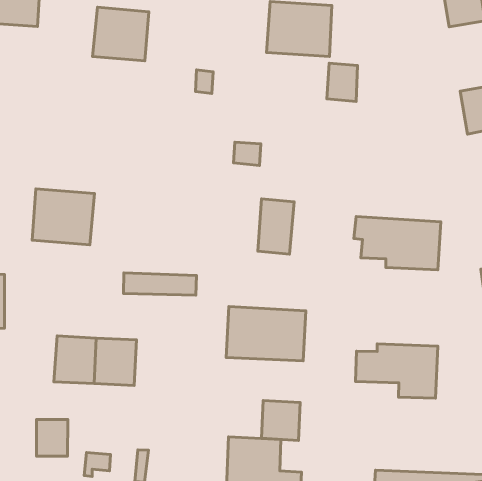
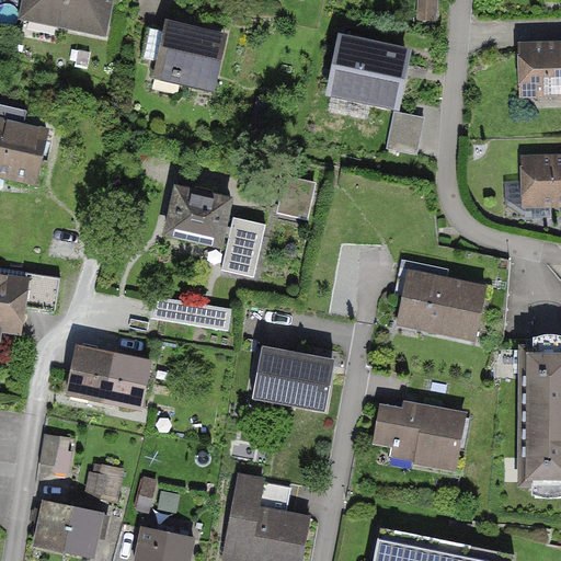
building: [32,189,95,245] -> [161,182,231,247]
building: [258,199,294,254] -> [220,216,264,276]
building: [261,400,300,440] -> none

